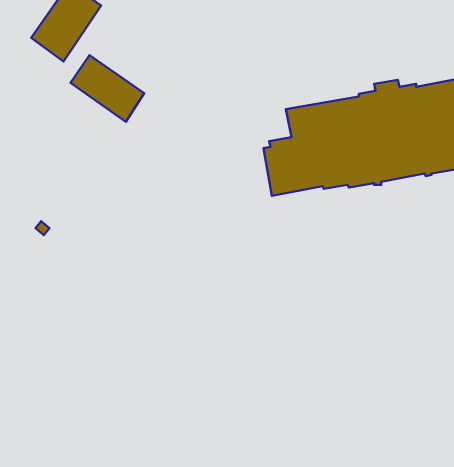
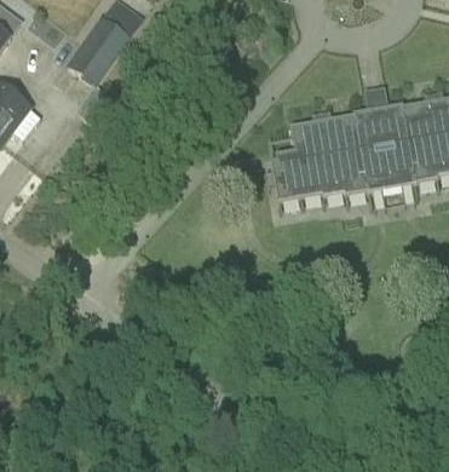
building: [71,55,144,122] -> none

